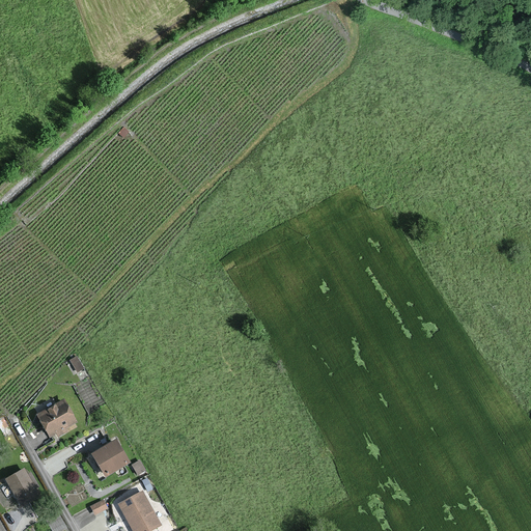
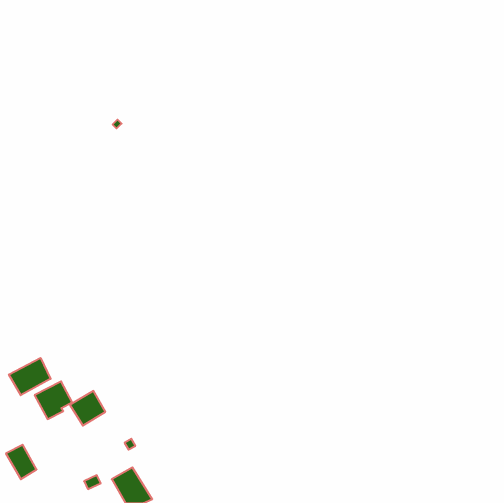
building: none -> [9,358,51,395]
building: [90,440,128,476] -> [70,391,105,426]

